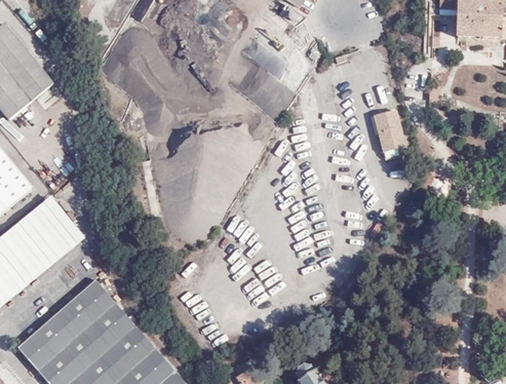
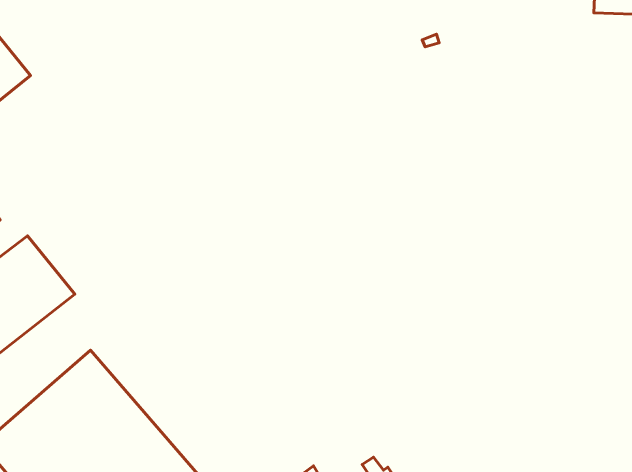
building: [373,110,405,156] -> none

